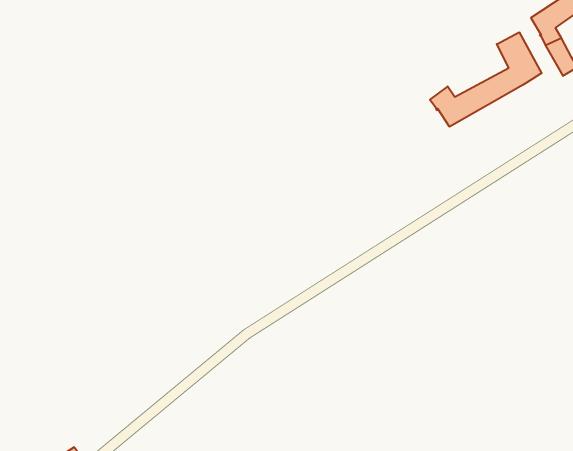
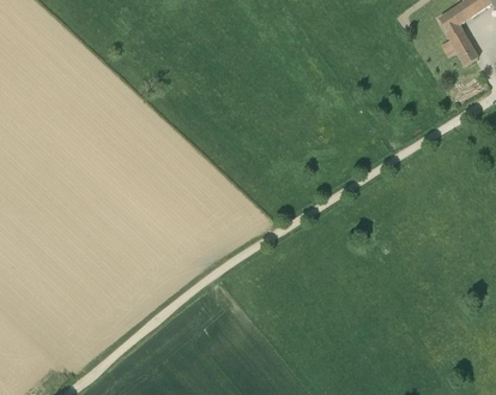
building: [430,32,542,127] -> none

